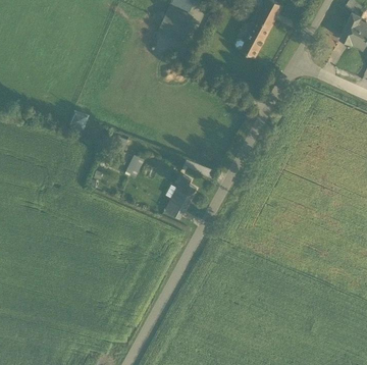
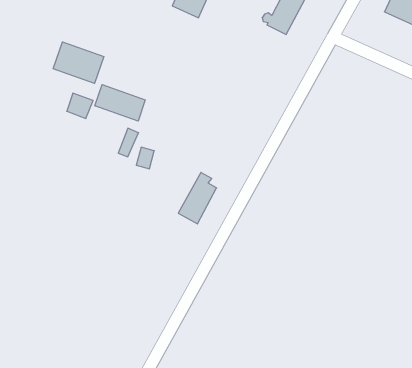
building: none -> [53,42,104,83]
building: none -> [95,85,145,121]

